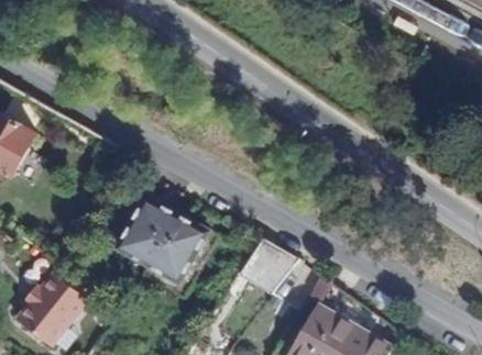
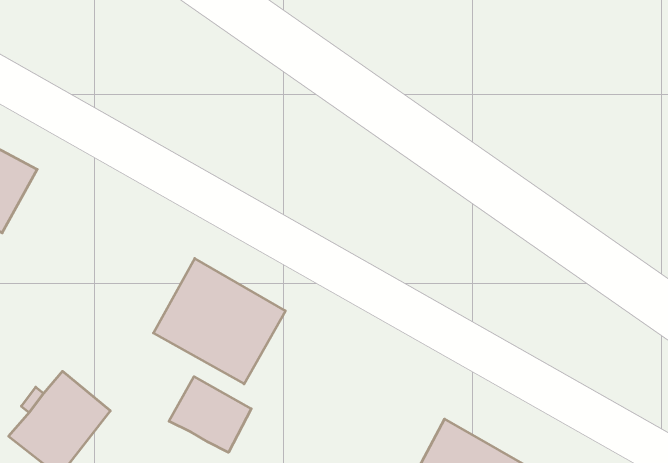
building: [239,238,297,292] -> none
building: none -> [169,377,251,452]

